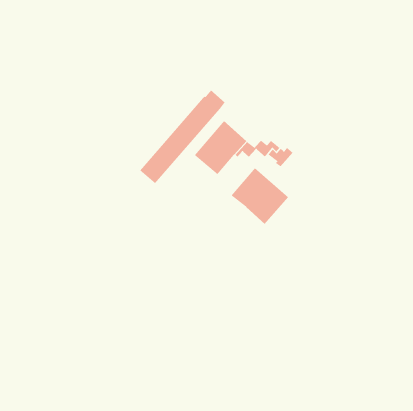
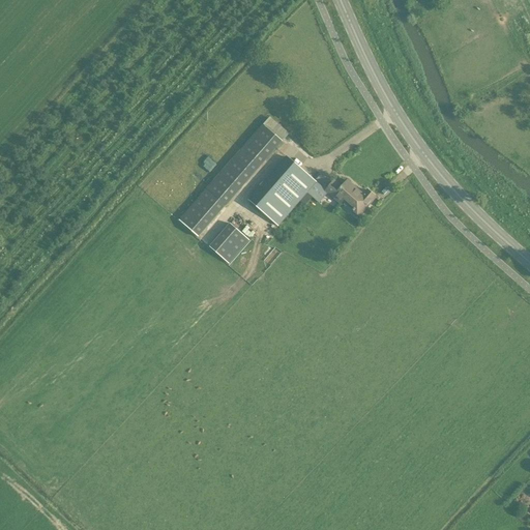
building: [231,167,289,225] -> none
building: none -> [211,225,249,263]

